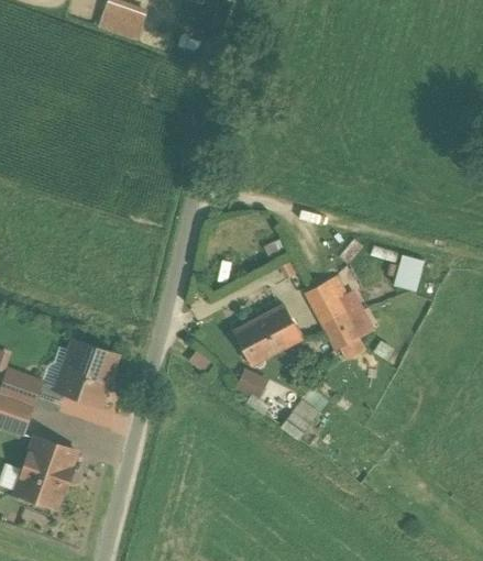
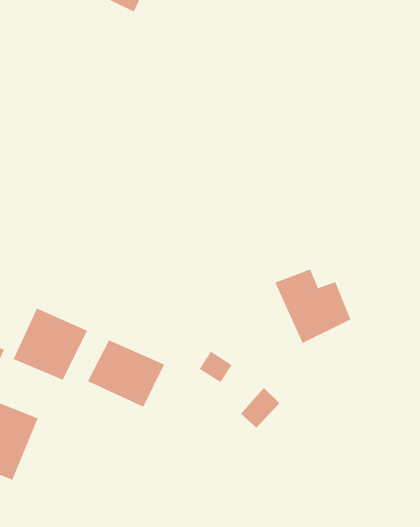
building: [393,253,422,289] -> none
building: [229,302,303,369] -> none
building: none -> [87,340,165,407]

